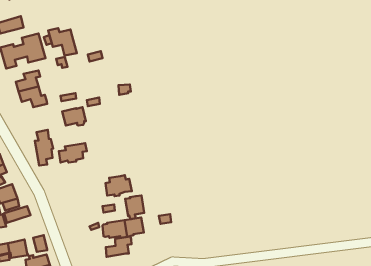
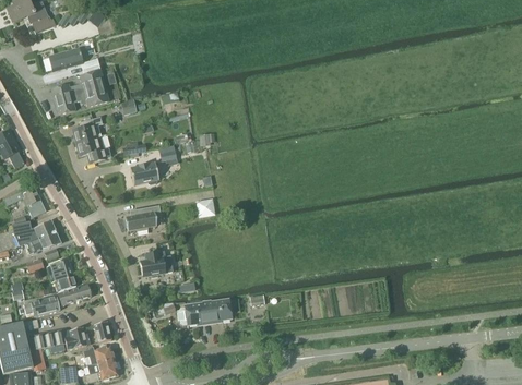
building: [48,28,77,55] -> none
building: [35,130,53,165] -> none
building: [106,175,132,196] -> [140,251,173,277]
building: [125,195,144,219] -> none
building: [106,236,131,257] -> none

